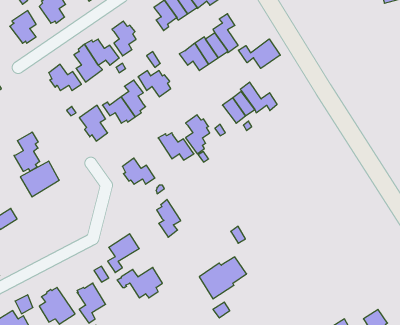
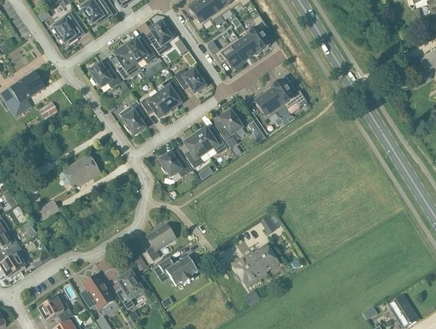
building: [238,39,280,68] -> none
building: [14,132,40,171] -> none
building: [157,199,181,237] -> [183,132,206,168]

